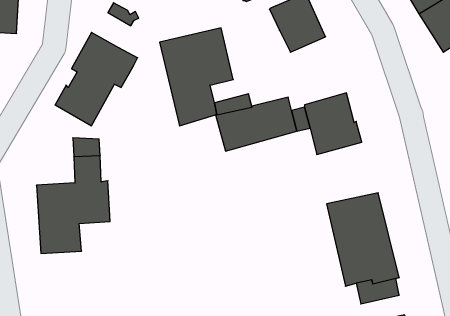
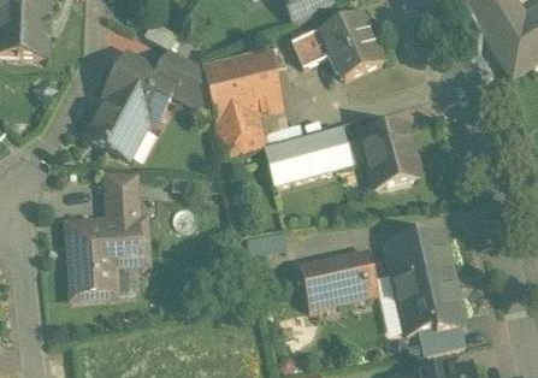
building: none -> [292,26,333,65]
building: none -> [158,51,211,112]
building: none -> [298,248,378,308]

